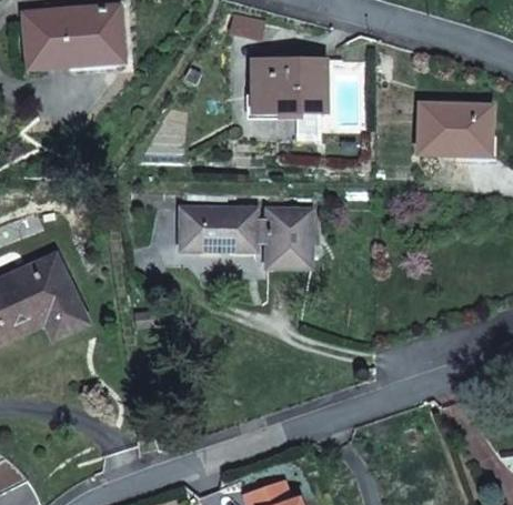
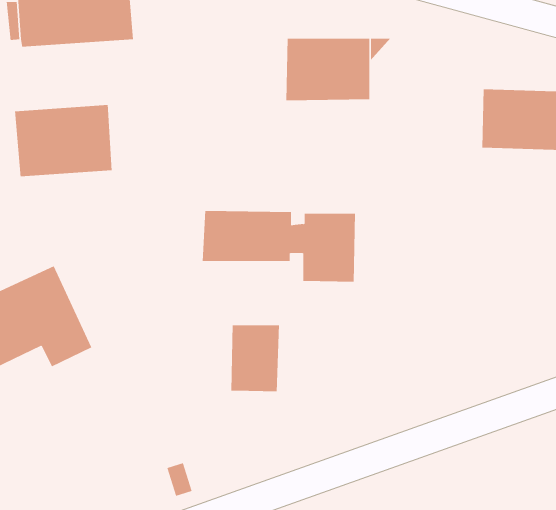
building: none -> [15,104,112,177]
building: none -> [231,324,280,392]

